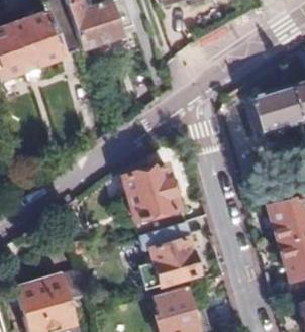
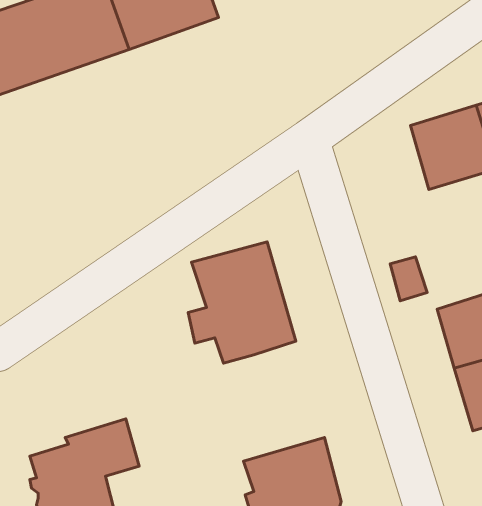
building: [138,225,197,290] -> none

